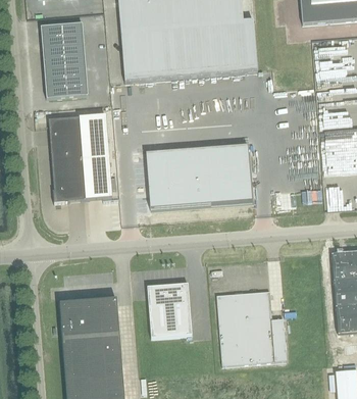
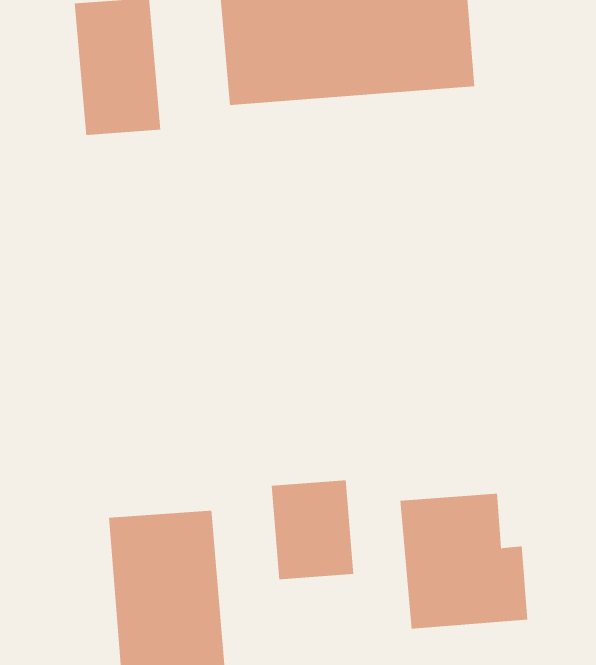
building: [49,114,111,202] -> none
building: [145,143,252,207] -> none

